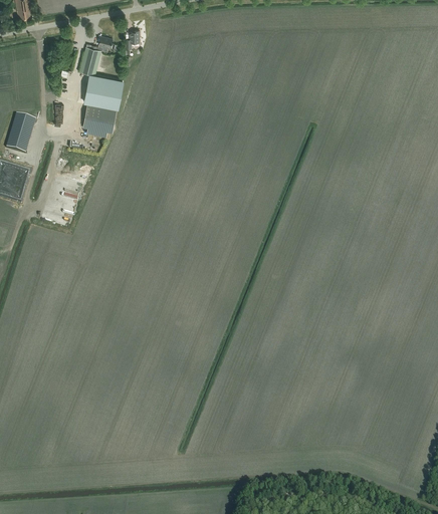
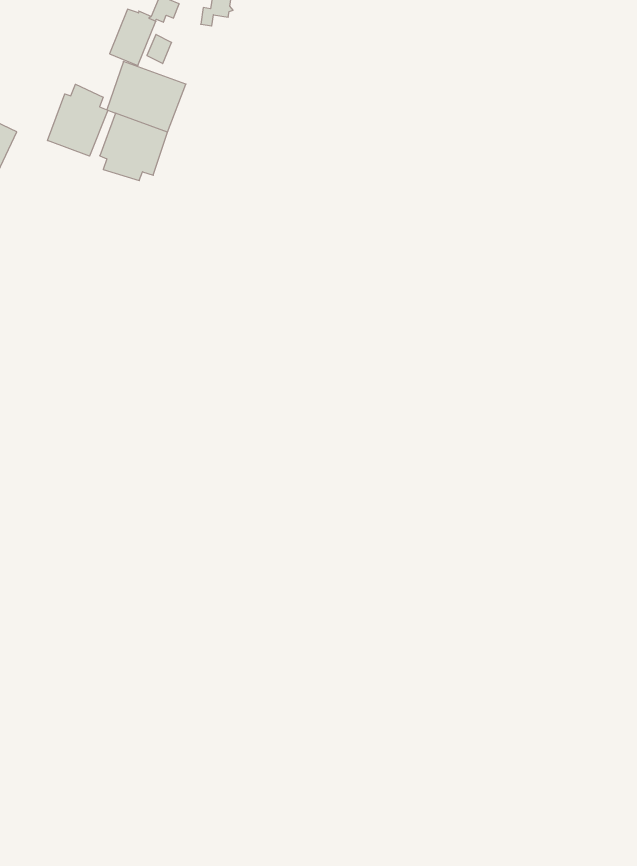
building: none -> [48,84,108,156]

